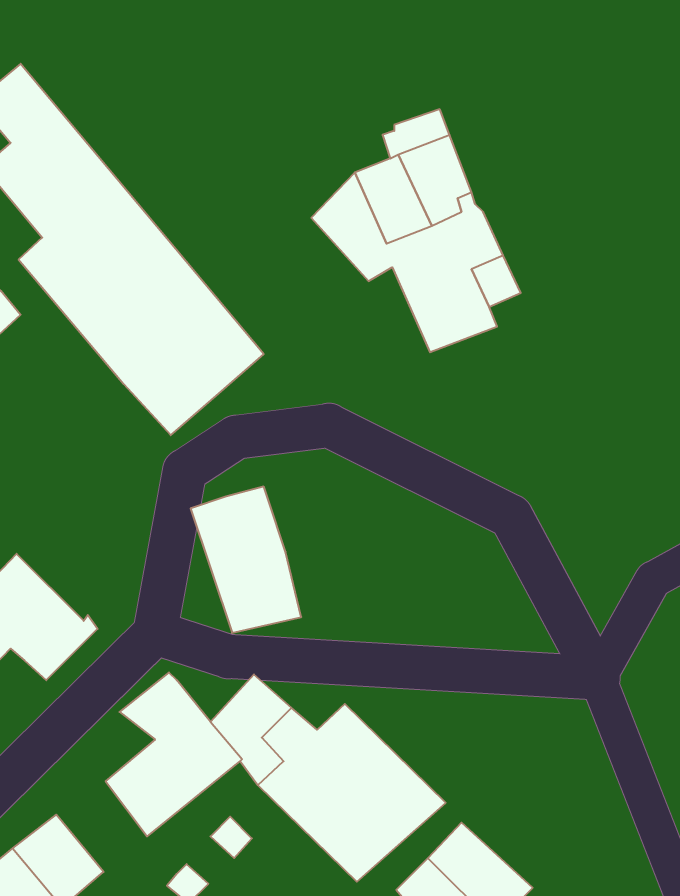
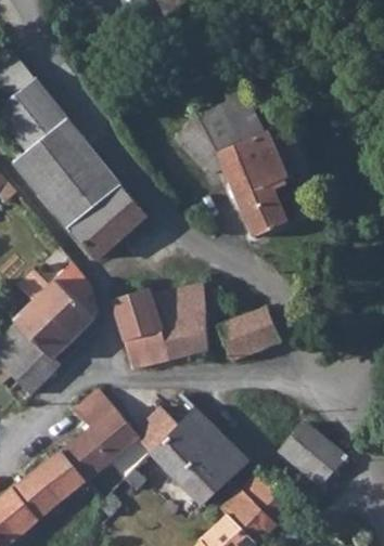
building: none -> [241,200,287,237]
building: none -> [11,261,97,362]
building: none -> [152,284,208,360]
building: none -> [217,309,282,363]
building: none -> [277,422,346,490]
building: none -> [36,450,86,499]

